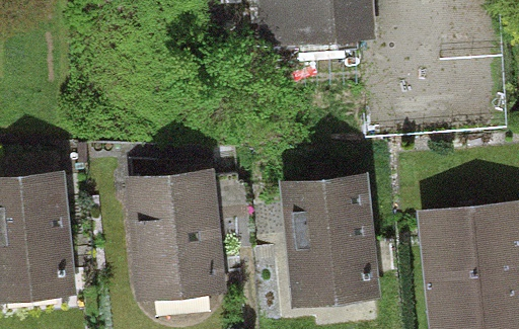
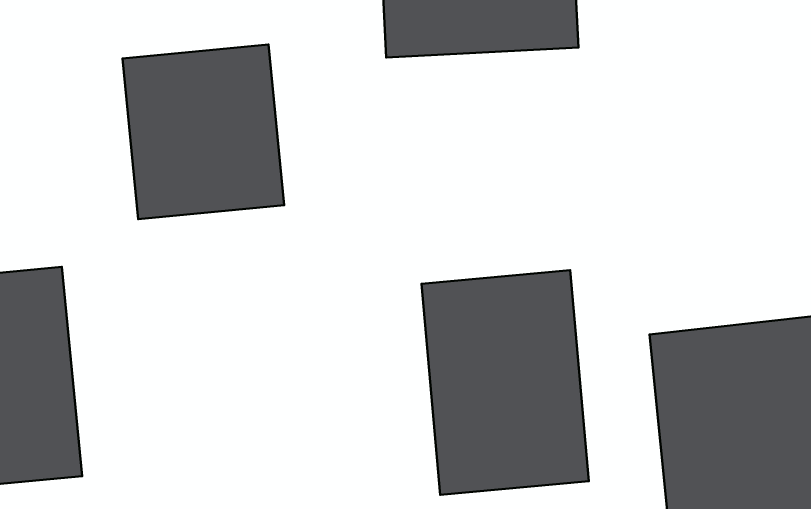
building: none -> [122,45,284,219]
building: [123,168,227,302] -> none

